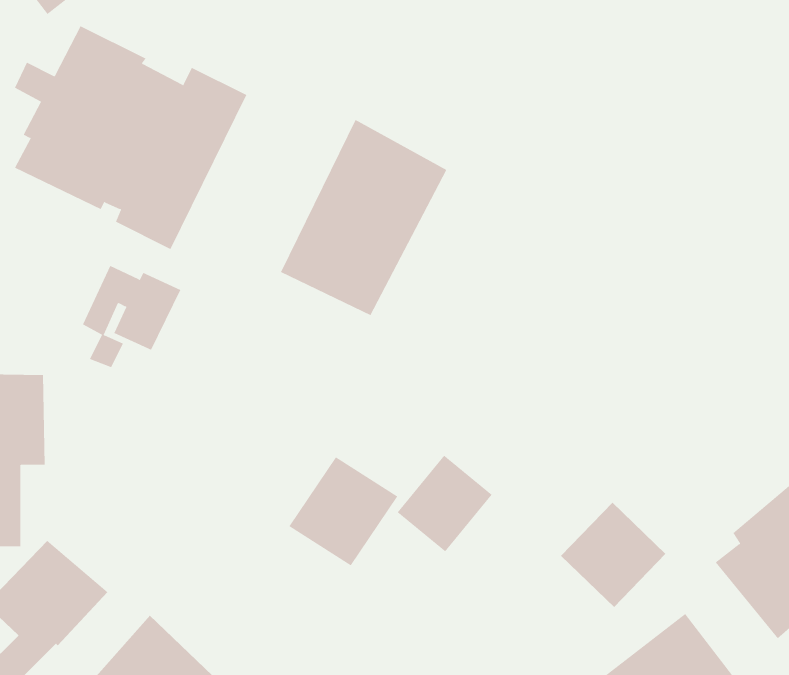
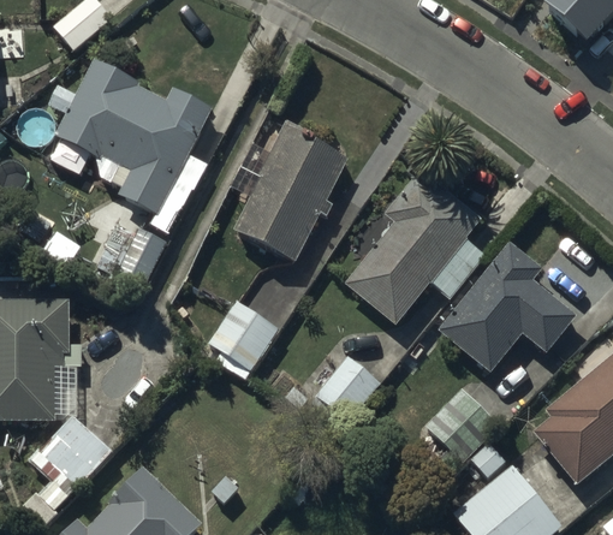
building: none -> [345,167,487,323]
building: none -> [438,242,577,374]
building: [289,457,398,566] -> [204,301,280,376]

